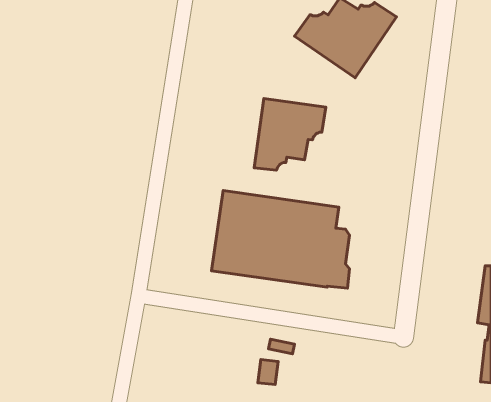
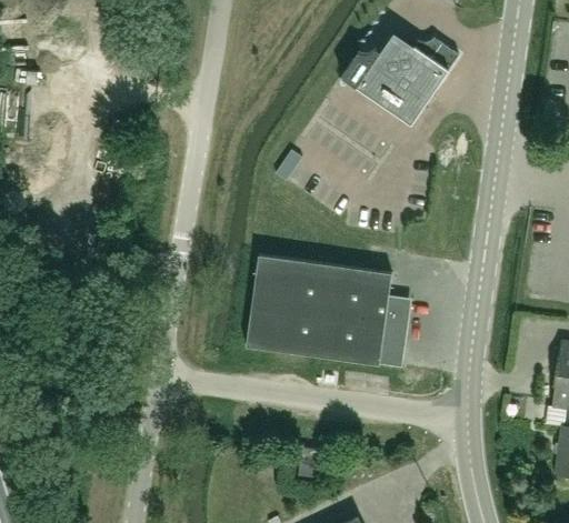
building: [254,98,326,170] -> none

